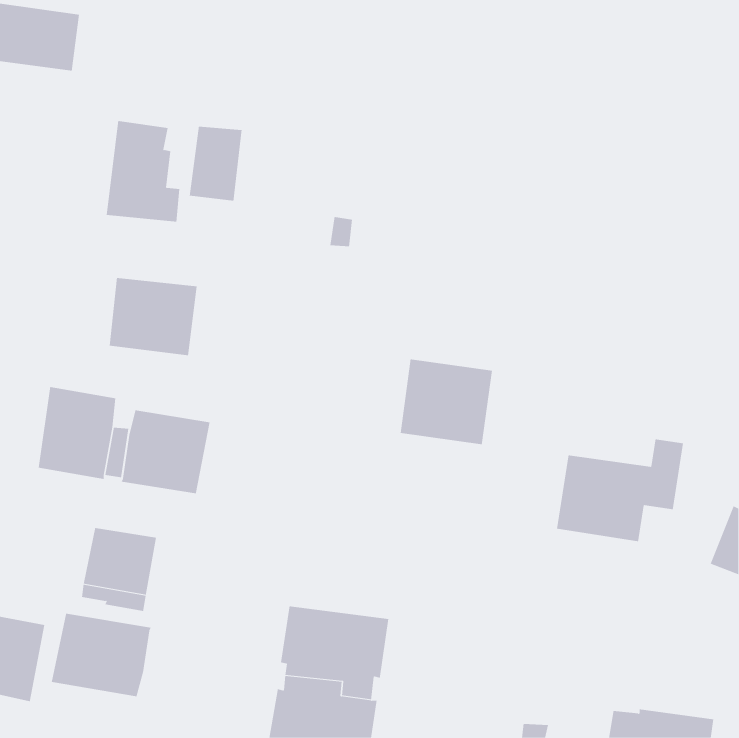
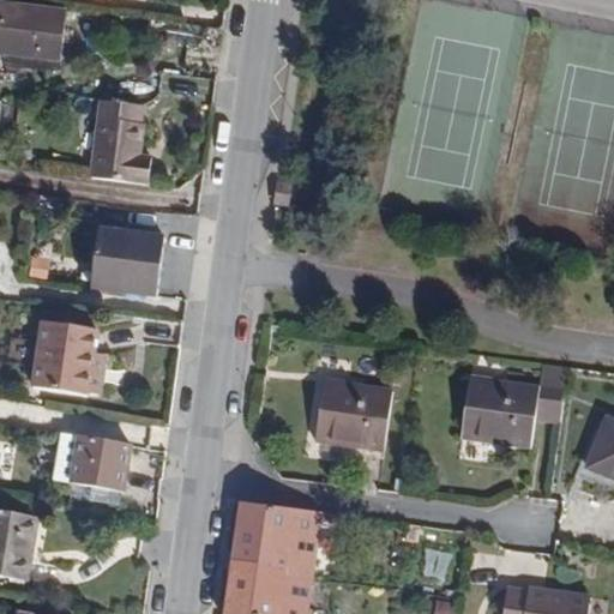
building: [189,126,242,202] -> none
building: [400,359,493,445] -> [314,379,391,450]
building: [121,410,210,494] -> none
building: [51,613,152,697] -> none

